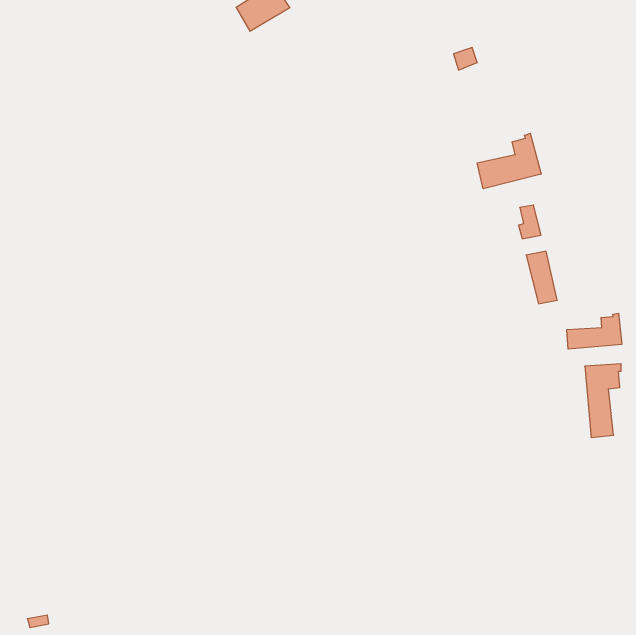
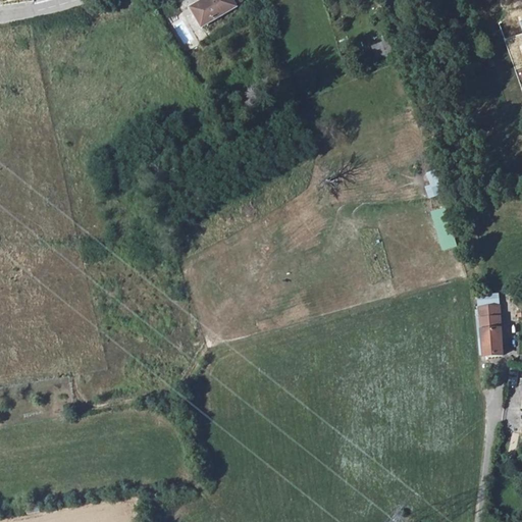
building: [477,133,541,189] -> none
building: [567,313,622,349] -> none

